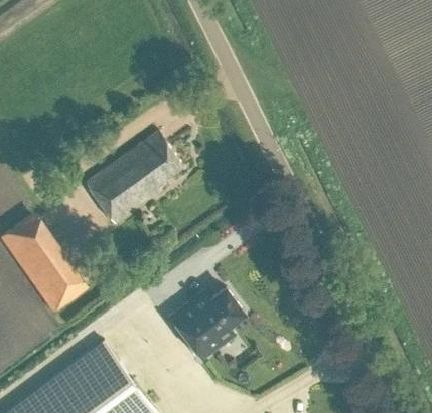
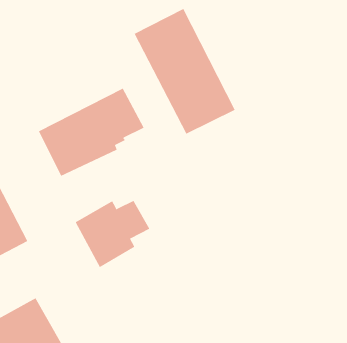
building: none -> [134,8,235,134]
building: [171,289,244,358] -> [75,200,150,268]

